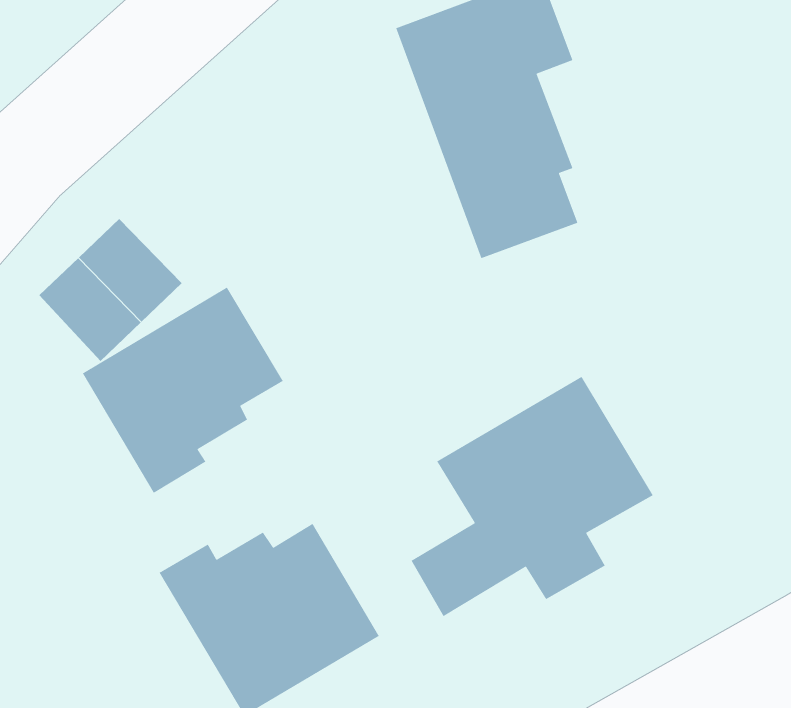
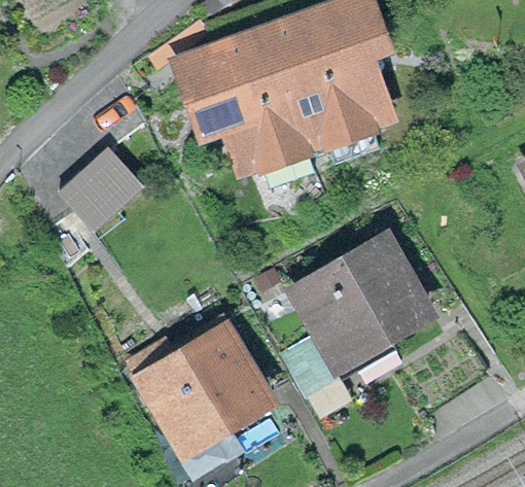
building: none -> [187,27,325,186]
building: [82,287,284,494] -> none

